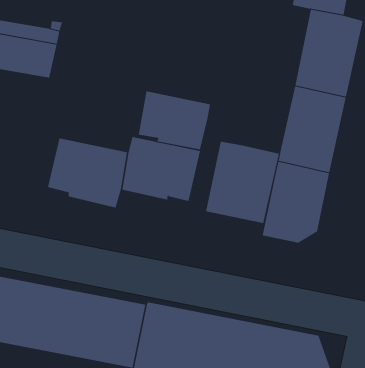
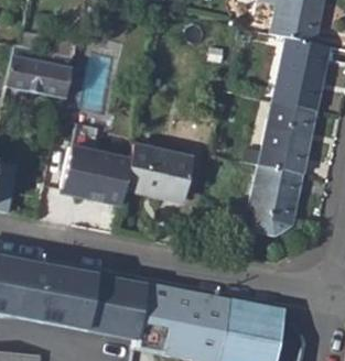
building: [138,90,210,150] -> none
building: [206,141,279,224] -> none

